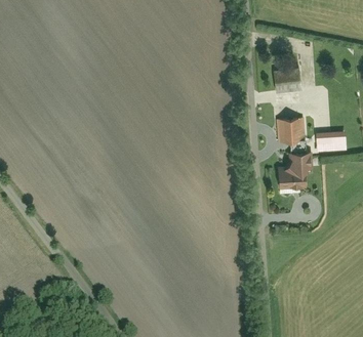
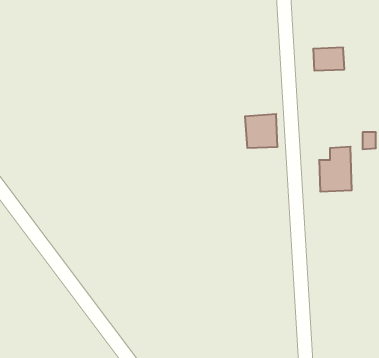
building: [277,117,305,145] -> [245,114,278,148]

